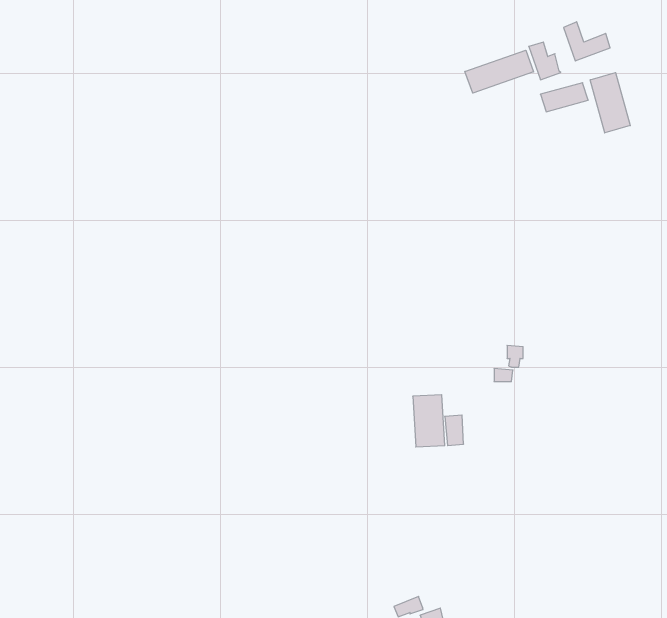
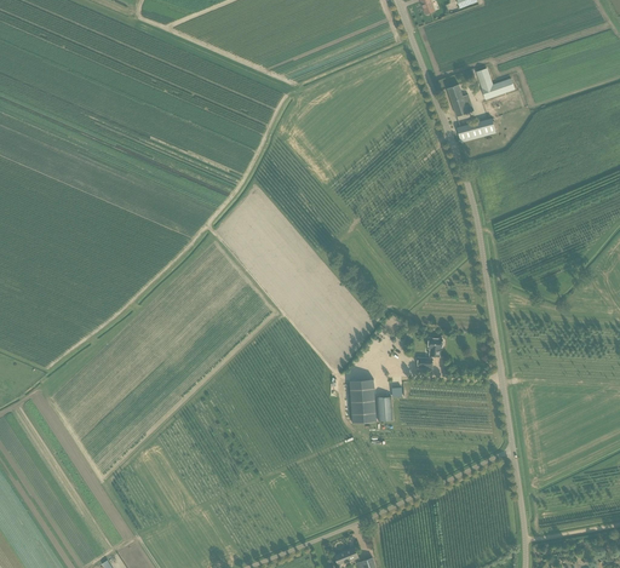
building: [465,50,534,93] -> none
building: [590,73,630,133] -> none

